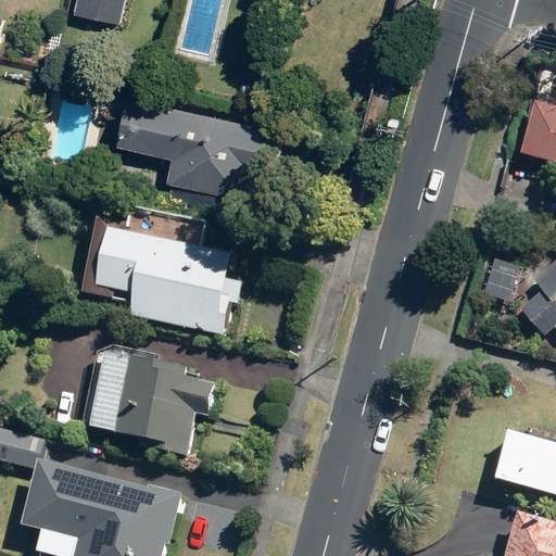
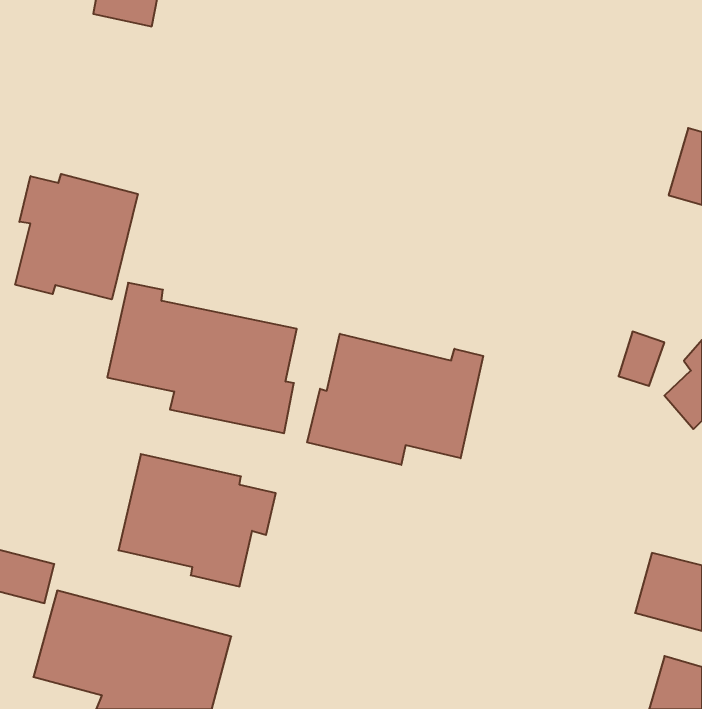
building: [118,91,299,198] -> none
building: none -> [15,174,138,299]
building: none -> [307,334,483,465]

